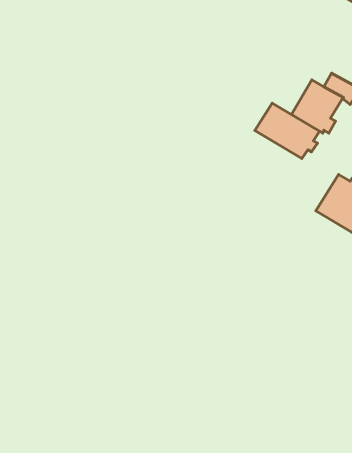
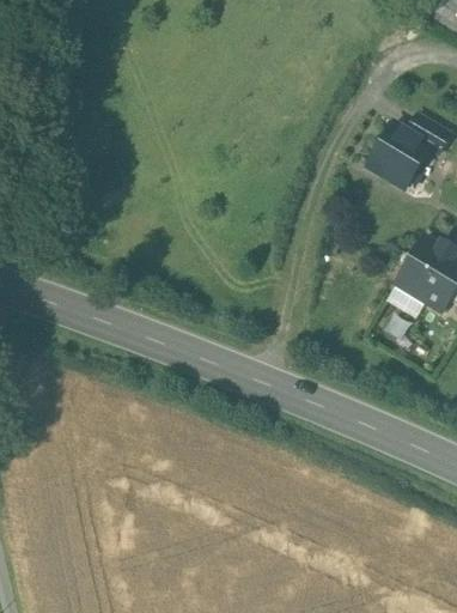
building: [255,103,319,159] -> none

